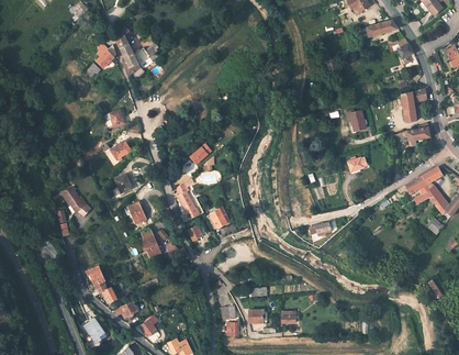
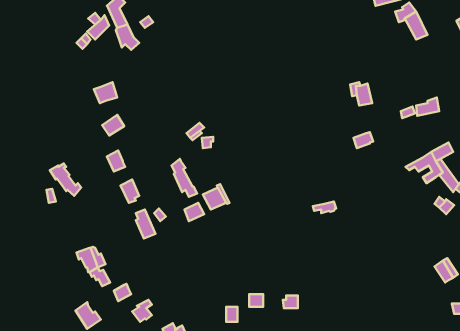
building: [401,88,426,122] -> none

